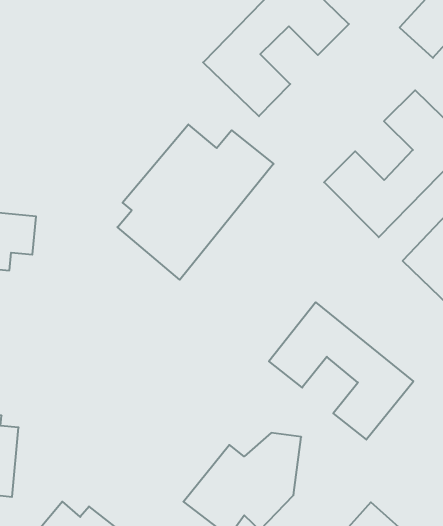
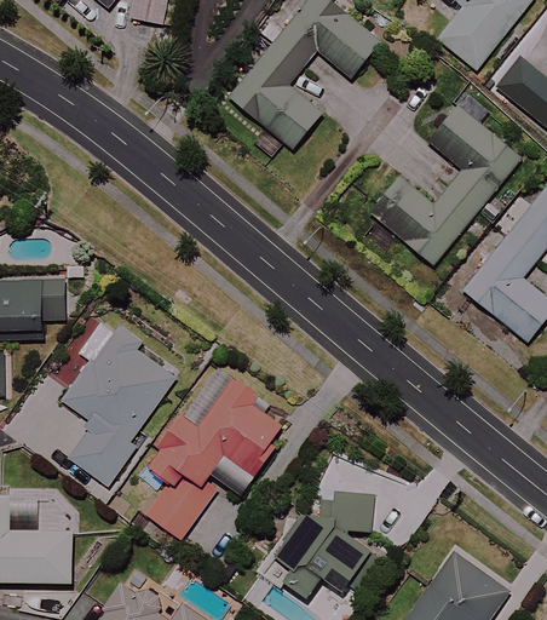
building: [117,124,274,280] -> none
building: none -> [62,326,174,486]
building: [269,302,413,440] -> none
building: none -> [145,378,286,538]

